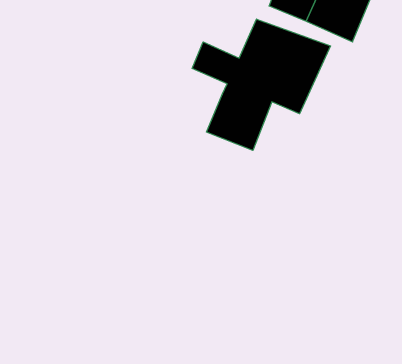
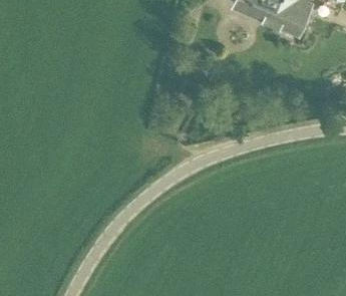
building: [192,19,331,150] -> none

